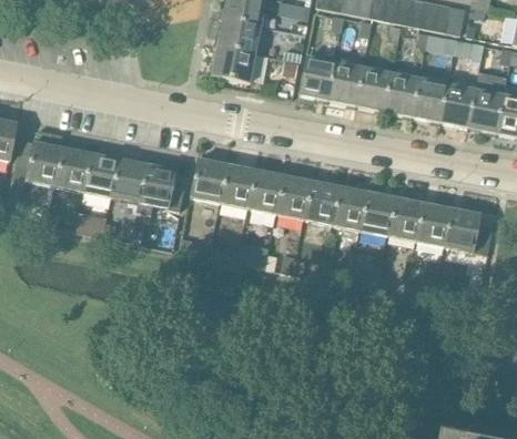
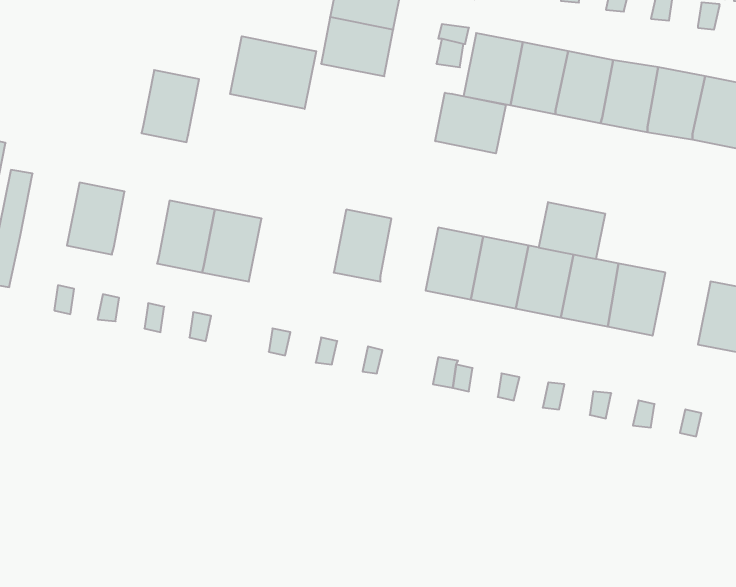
building: none -> [230,36,316,109]
building: none -> [435,93,506,153]
building: [26,142,62,186] -> none
building: [82,153,118,197] -> [141,70,199,142]
building: [190,159,226,203] -> none
building: none -> [539,202,605,259]
building: [247,170,283,214] -> none
building: [415,203,450,247] -> none

